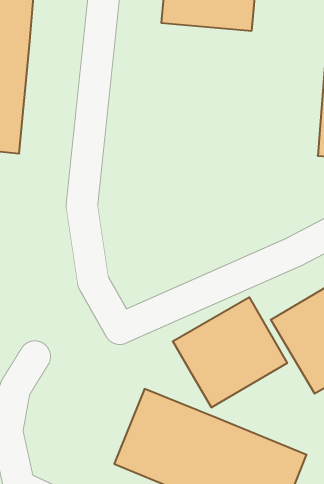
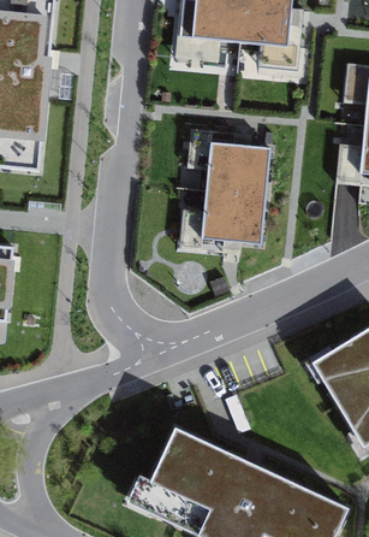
building: none -> [201,142,269,244]
building: [173,297,287,408] -> none

